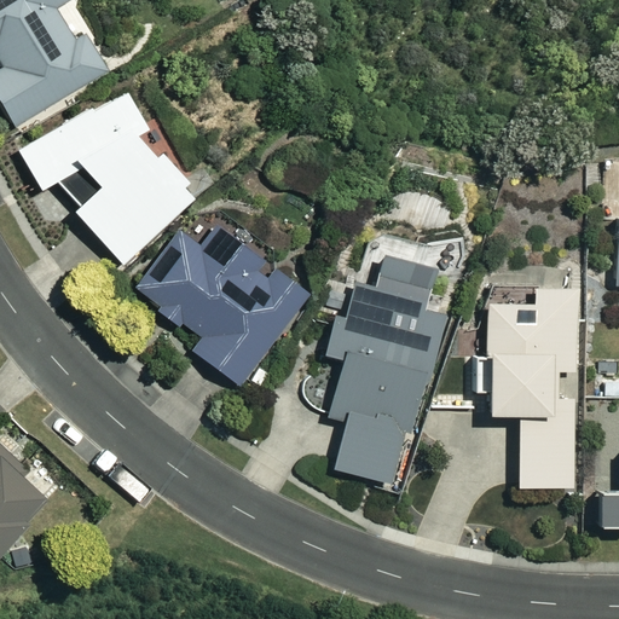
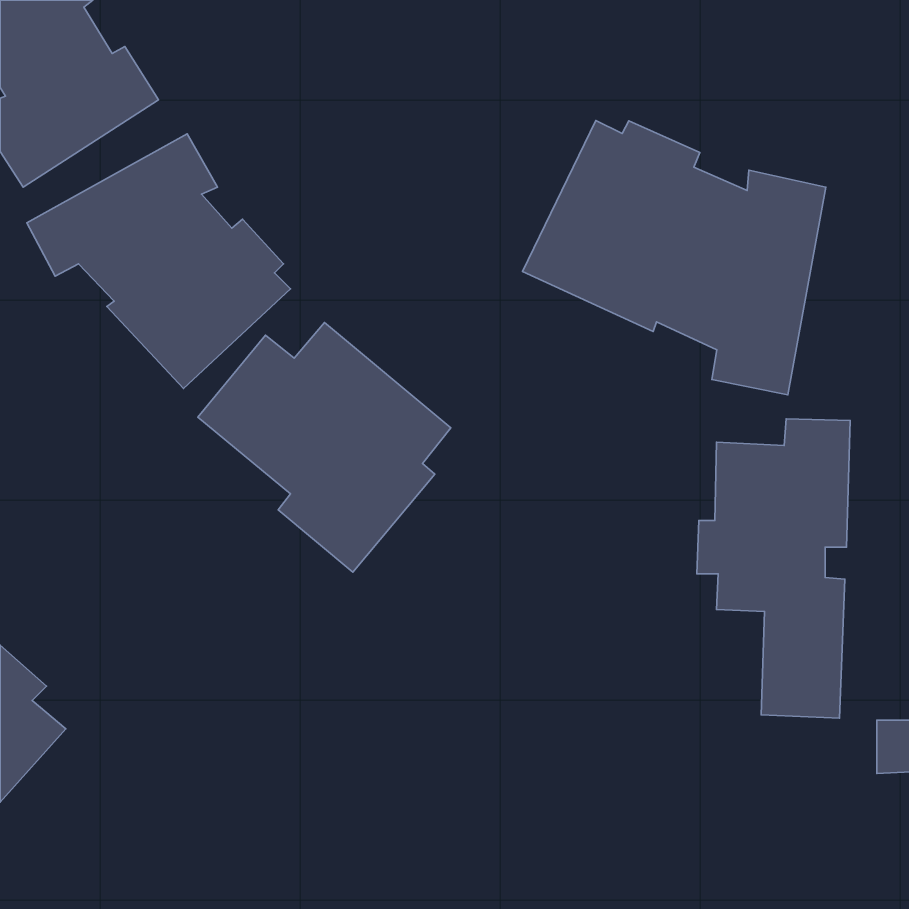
building: none -> [522,121,826,395]
building: [322,259,446,486] -> none

